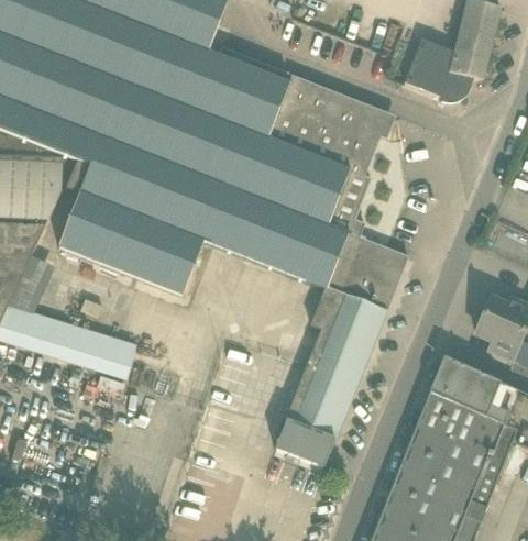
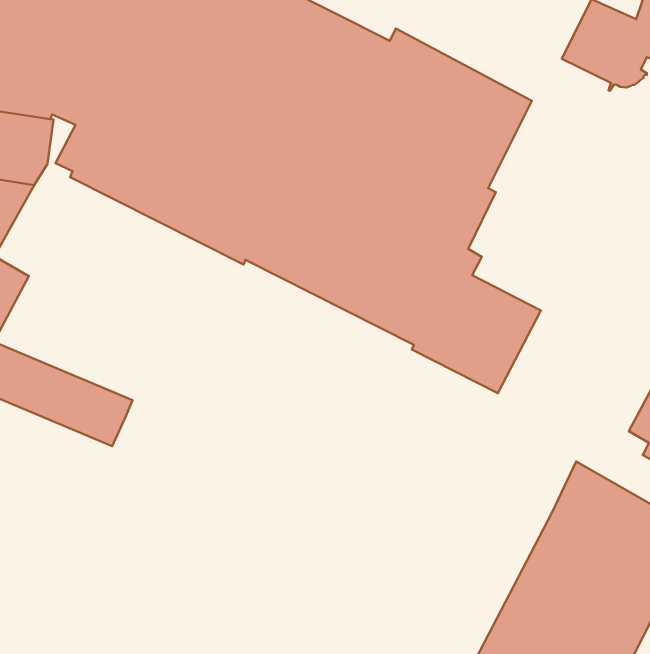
building: [58,196,201,296] -> none
building: [275,291,384,467] -> none

